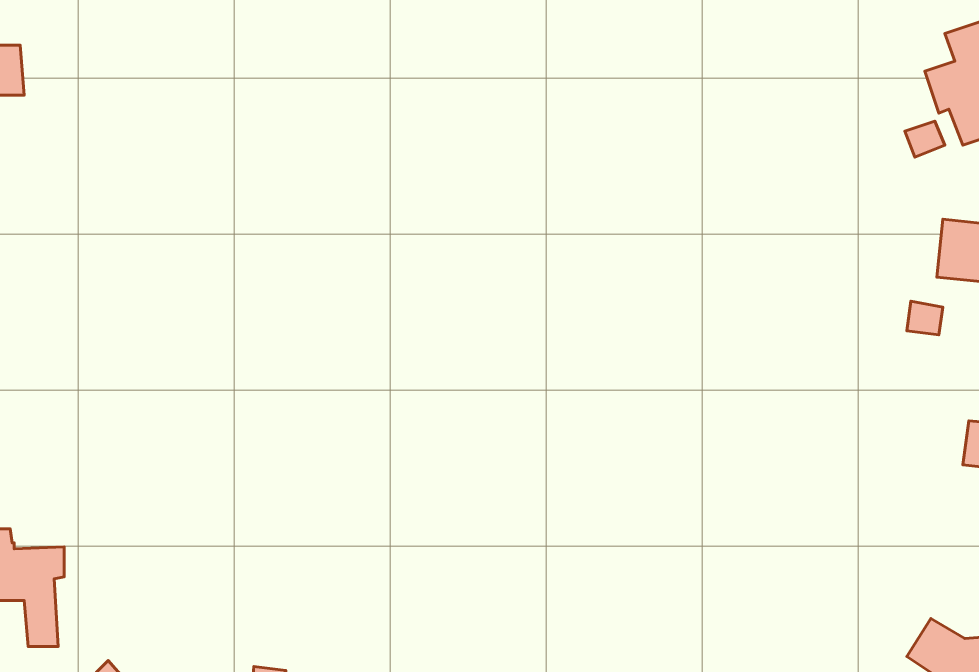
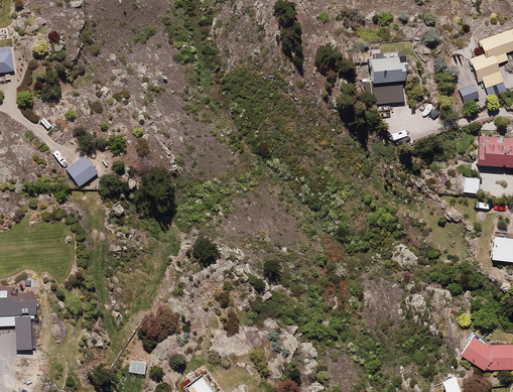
building: none -> [370,55,406,104]
building: none -> [66,156,98,187]

